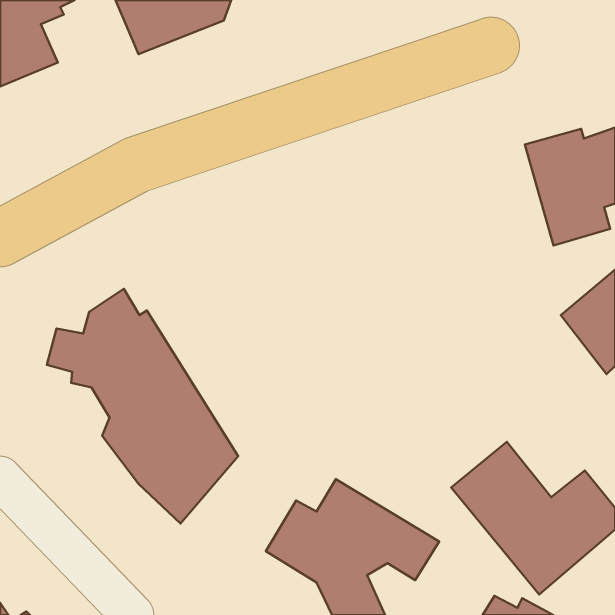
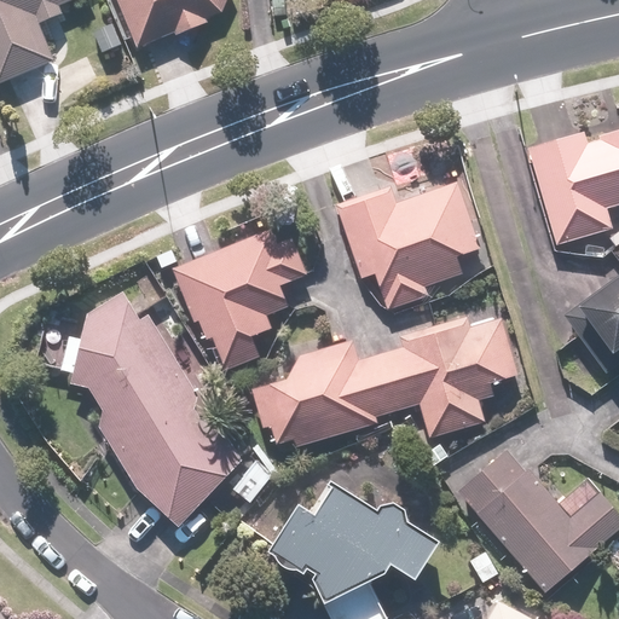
building: none -> [337,184,480,308]
building: none -> [168,227,311,372]
building: none -> [251,317,517,450]

